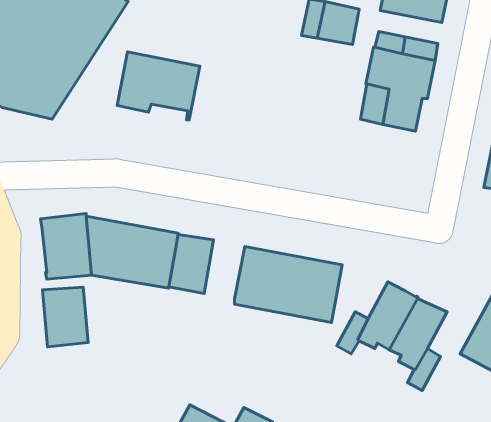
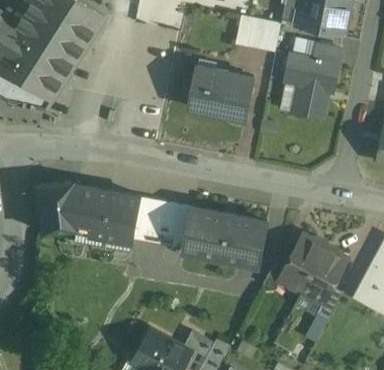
building: [117,52,200,120] -> [190,67,254,119]
building: none -> [162,202,193,248]
building: [42,287,88,347] -> none

